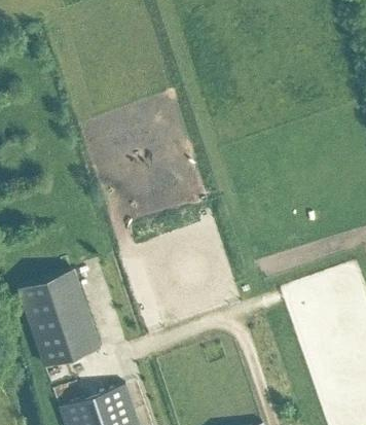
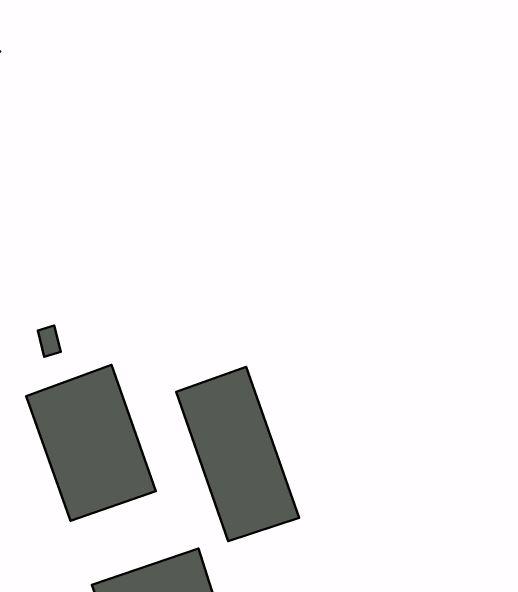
building: none -> [176,367,299,541]

